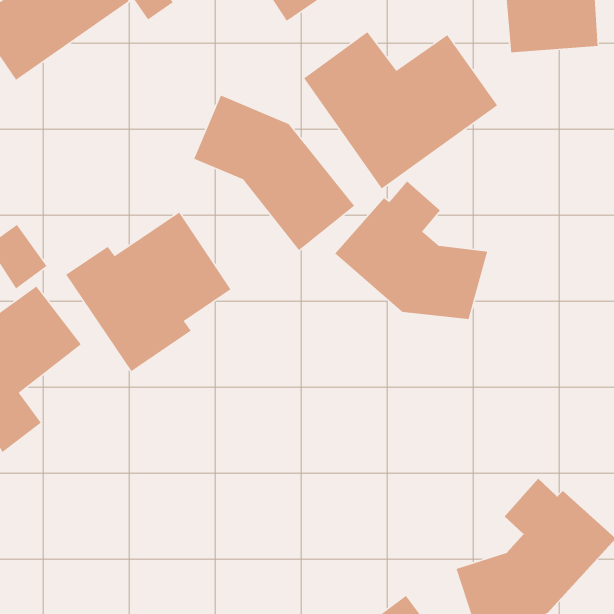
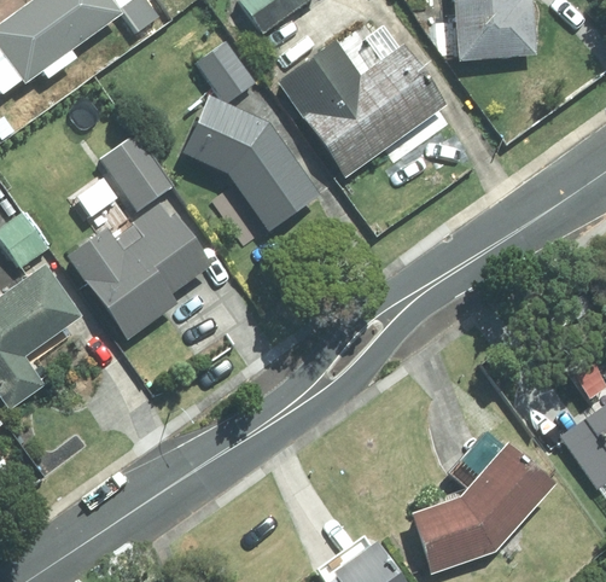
building: none -> [197,36,261,103]
building: none -> [103,133,175,211]
building: [334,180,488,320] -> none

